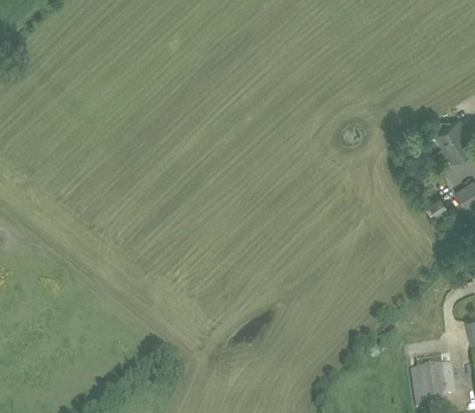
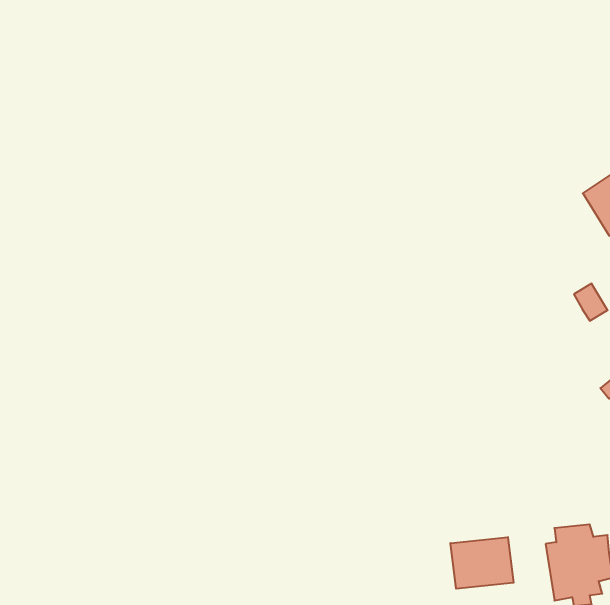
building: none -> [450,537,514,589]

